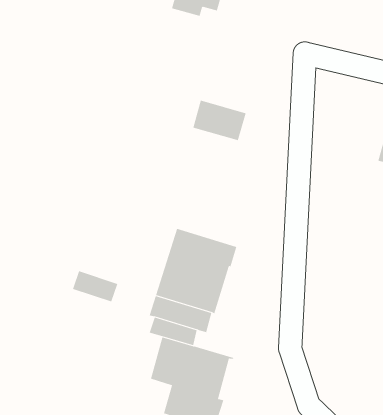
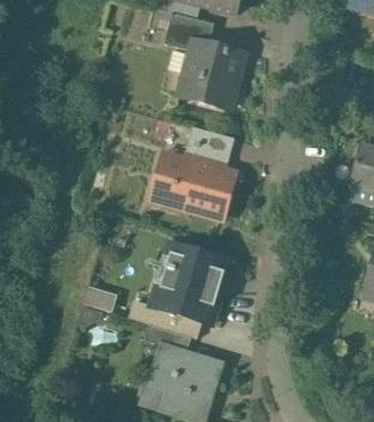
building: none -> [177,42,238,110]
building: none -> [154,160,229,215]

